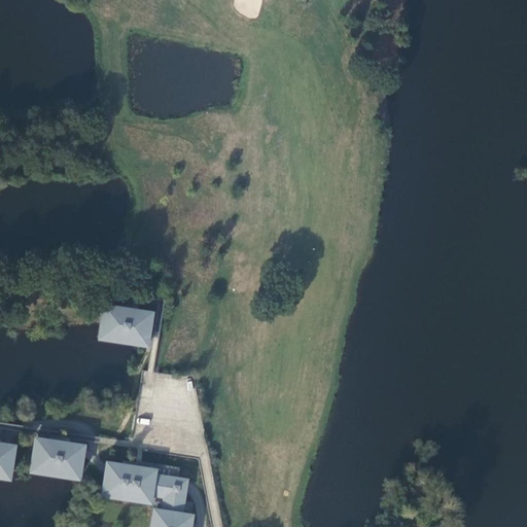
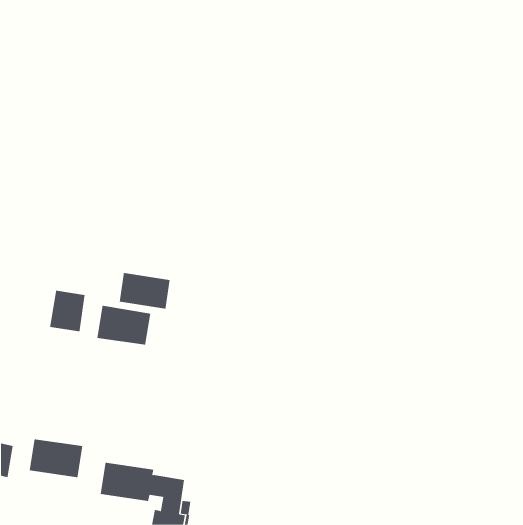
building: none -> [119,272,170,309]
building: none -> [49,290,85,332]

